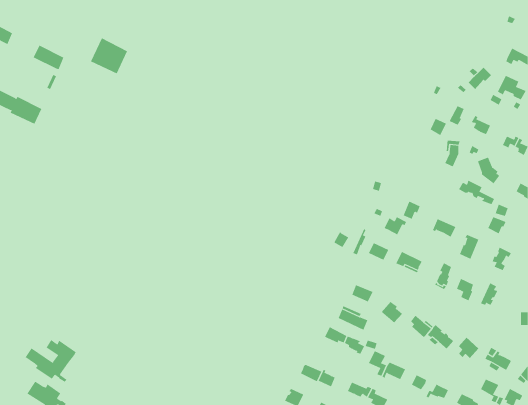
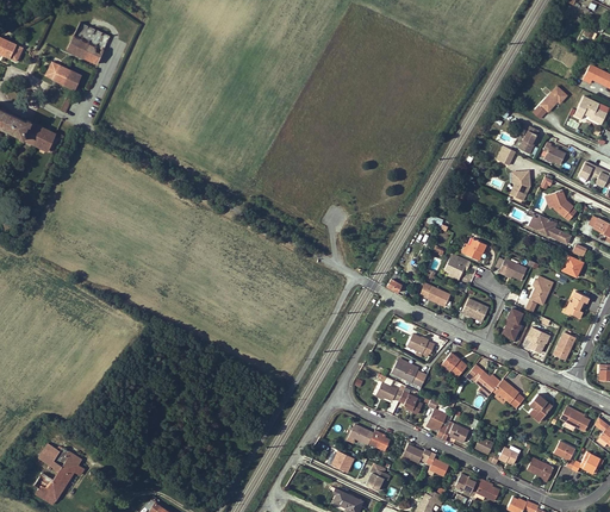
building: [90,38,128,74] -> [67,21,110,63]
building: [25,339,77,382] -> none

